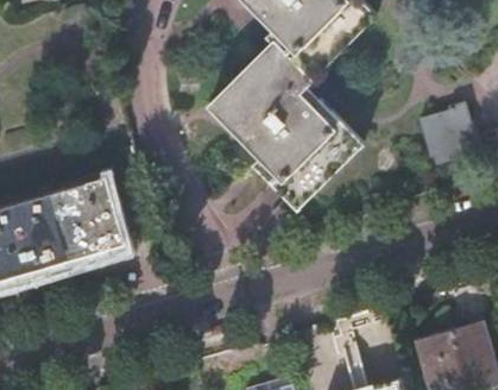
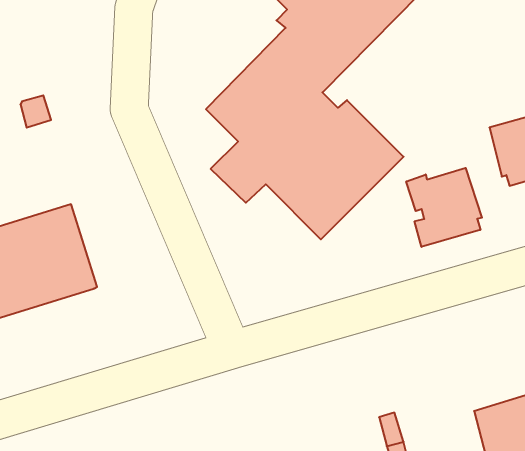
building: none -> [406,168,482,247]

